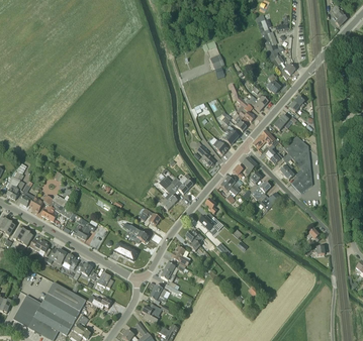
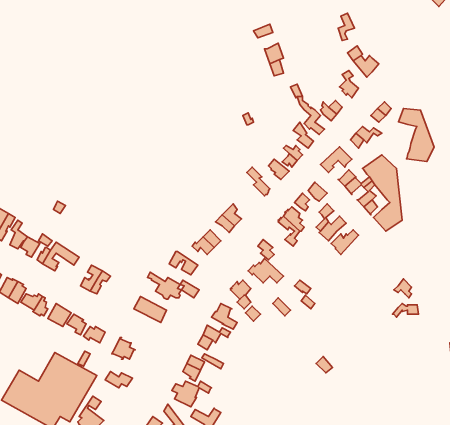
building: none -> [398,108,434,162]

